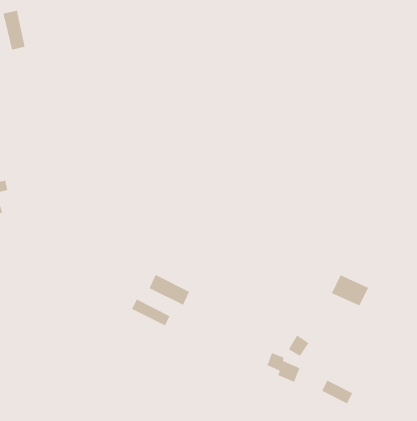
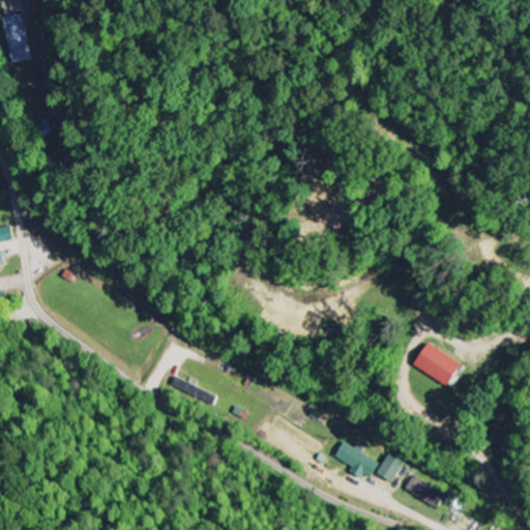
building: [148,274,190,306] -> none
building: [288,334,309,357] -> [374,452,401,480]

